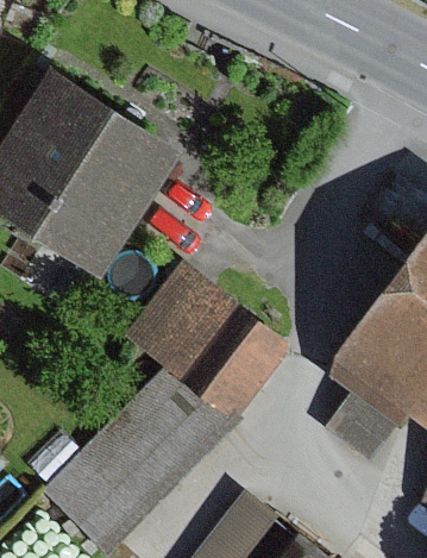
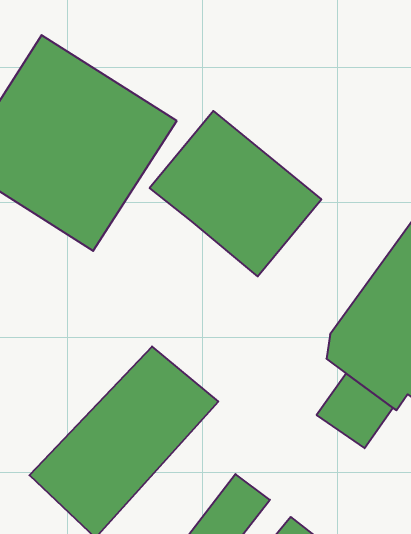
building: [120,262,287,422] -> [150,111,321,276]

